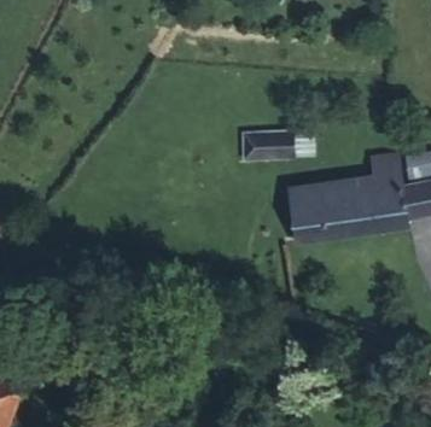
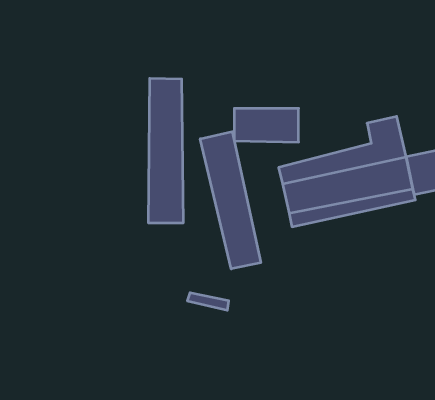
building: none -> [149,78,183,223]
building: none -> [200,132,261,269]

